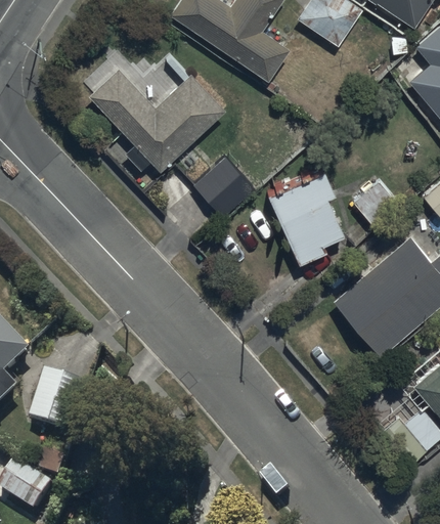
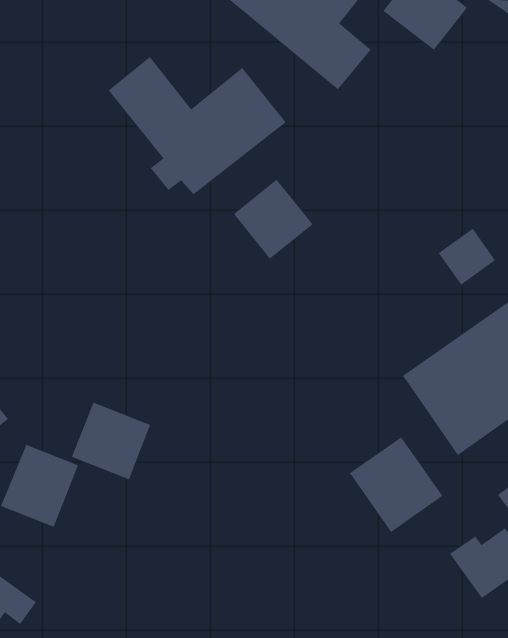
building: [268,167,346,264] -> none
building: none -> [71,402,151,480]
building: none -> [349,436,443,533]

